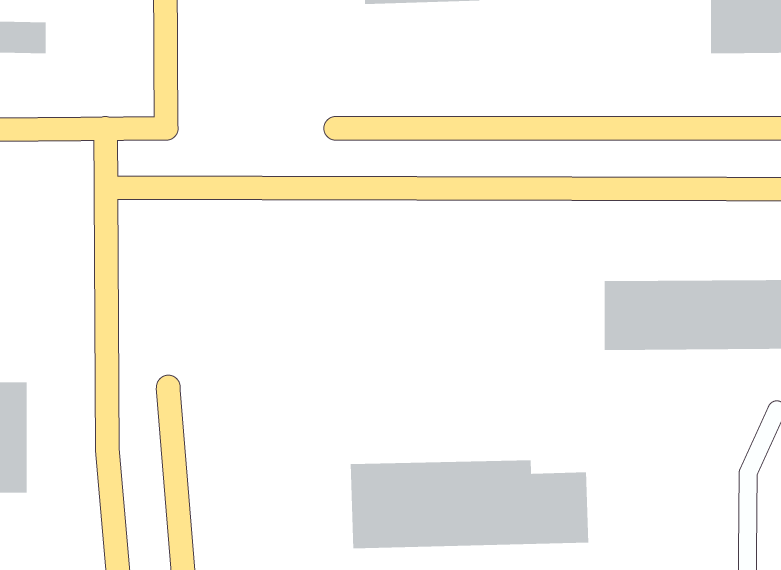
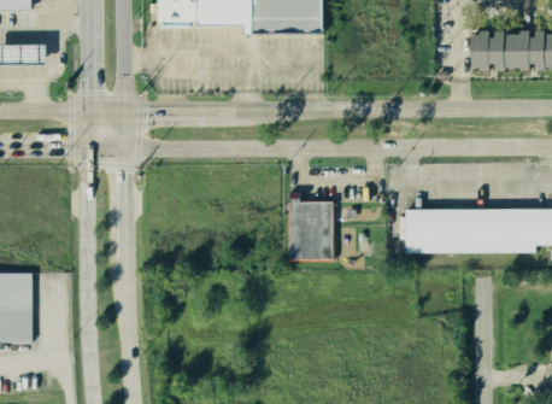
building: none -> [284,200,333,260]
building: [350,459,589,549] -> none

